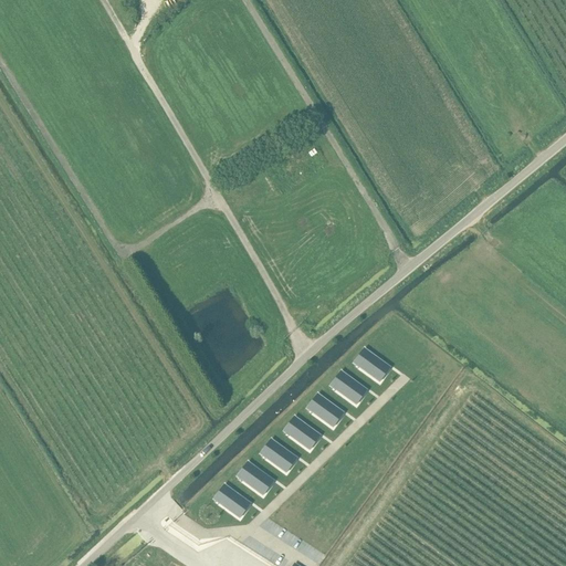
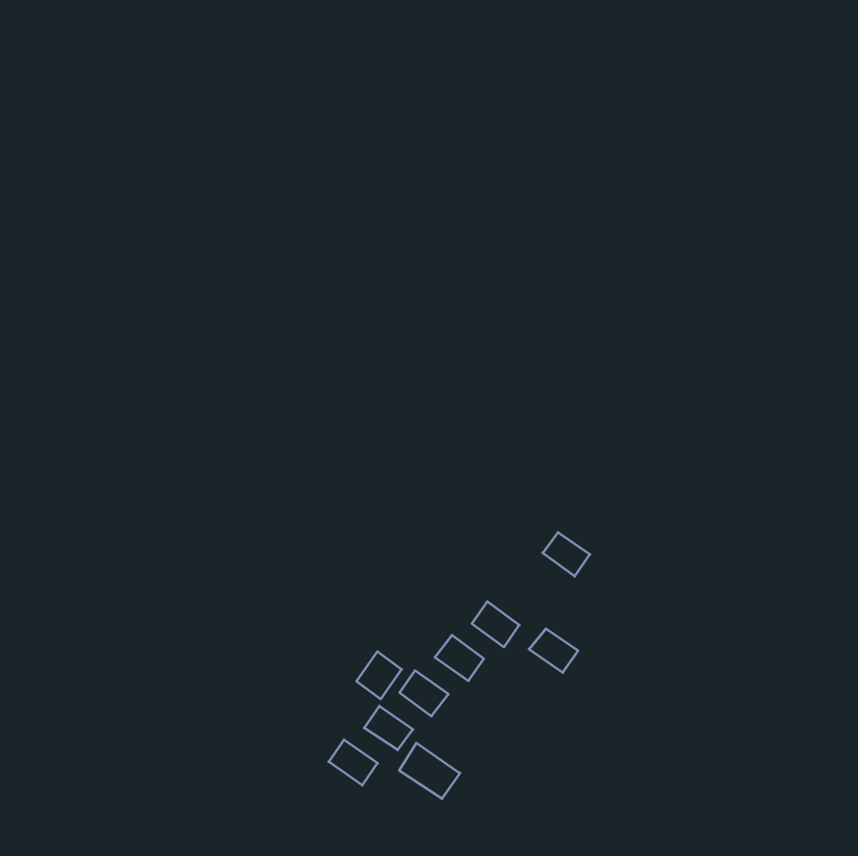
building: [332,373,364,401] -> [529,629,578,673]
building: none -> [357,652,402,699]
building: none -> [399,743,460,799]

